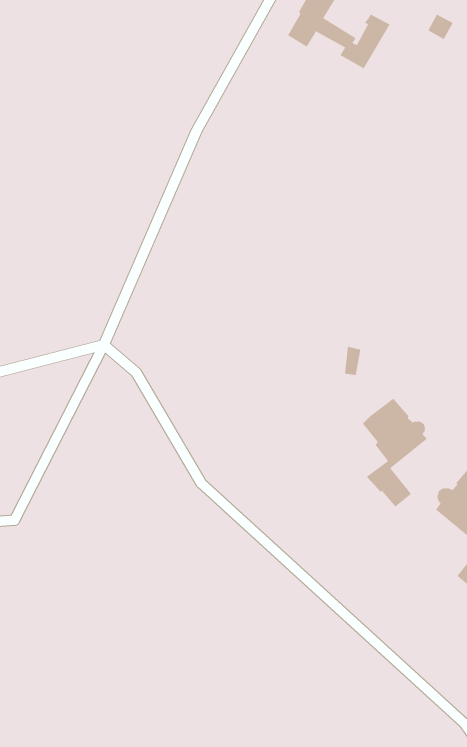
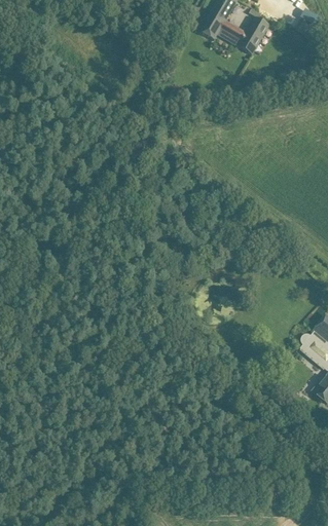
building: [362,398,427,508] -> none

